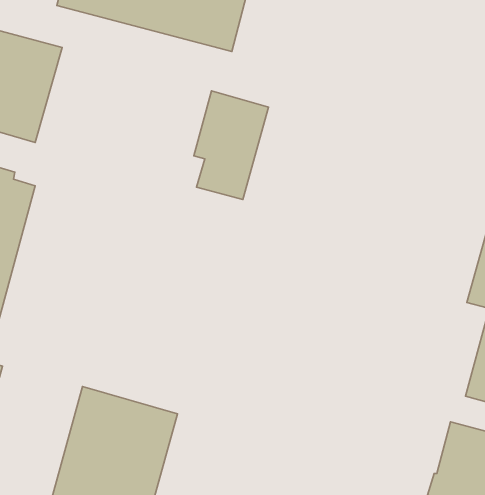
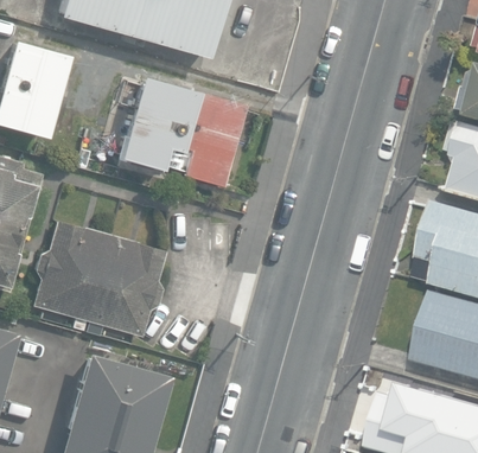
building: none -> [113,77,195,172]
building: none -> [31,222,165,339]

